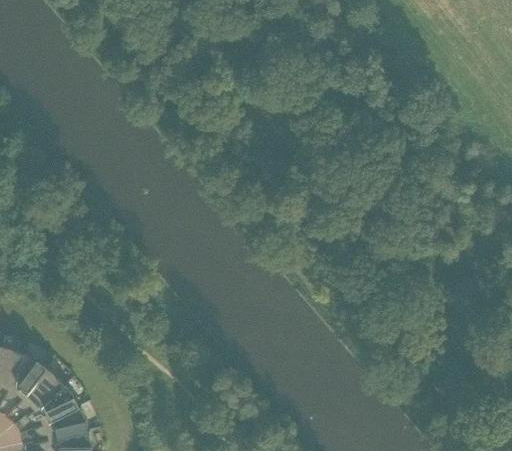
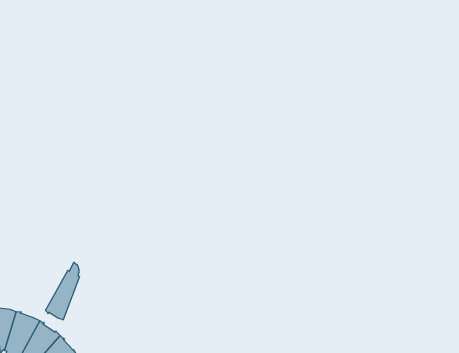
building: none -> [46,262,79,320]

